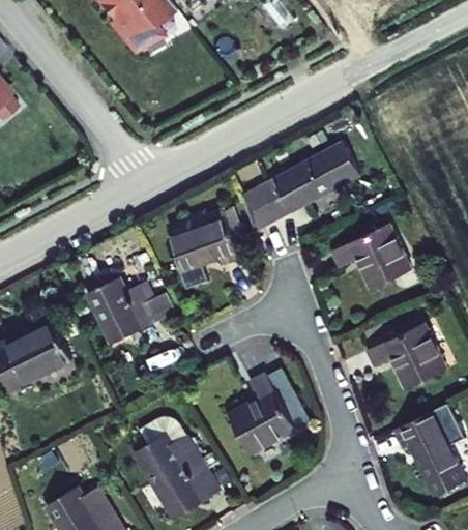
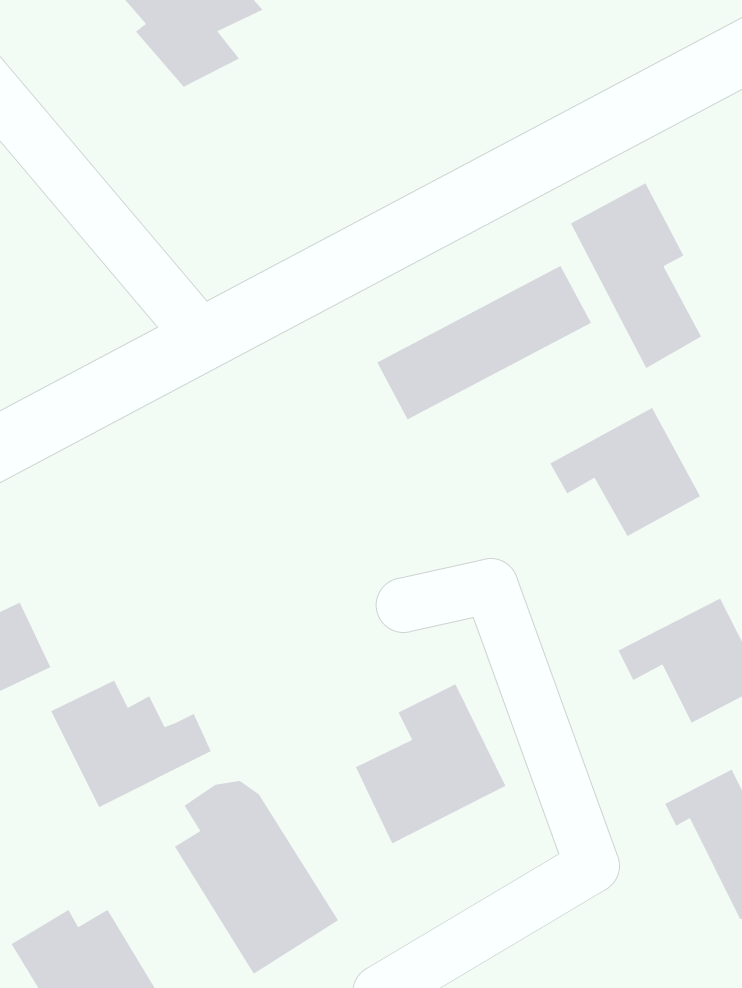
building: none -> [570,182,702,369]
building: [168,209,241,288] -> none
building: [84,277,170,346] -> [50,680,212,808]

